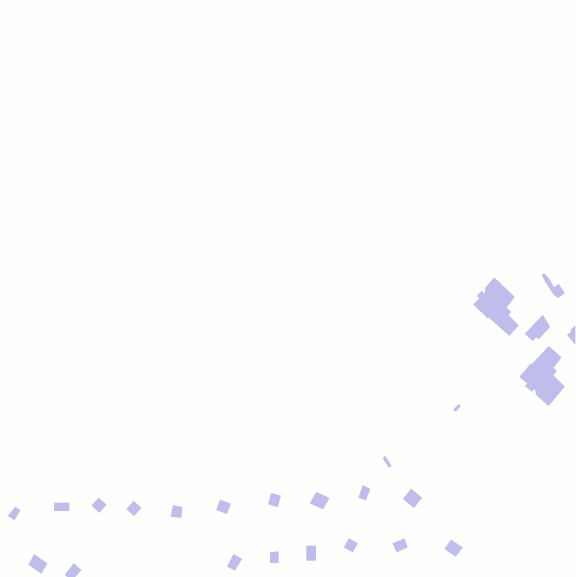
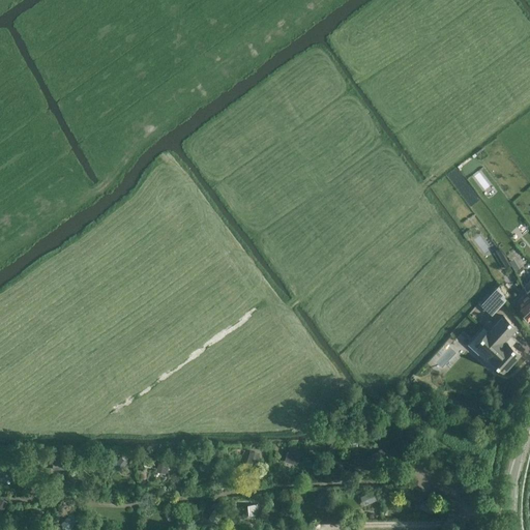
building: [472,276,519,337] -> none

